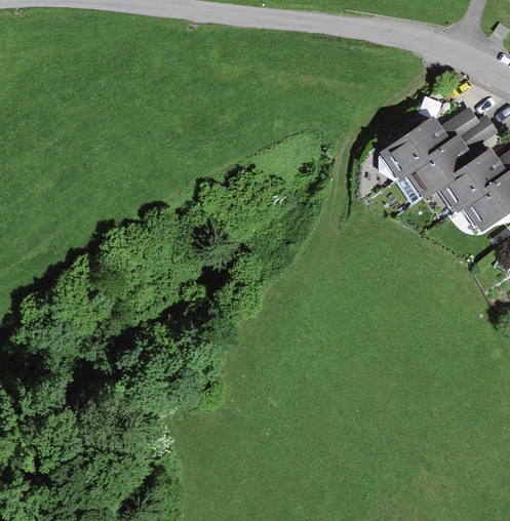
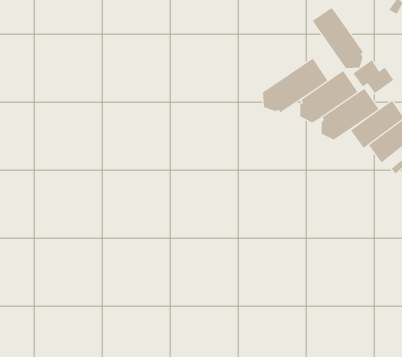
building: none -> [312,7,364,69]
building: none -> [262,58,328,113]

